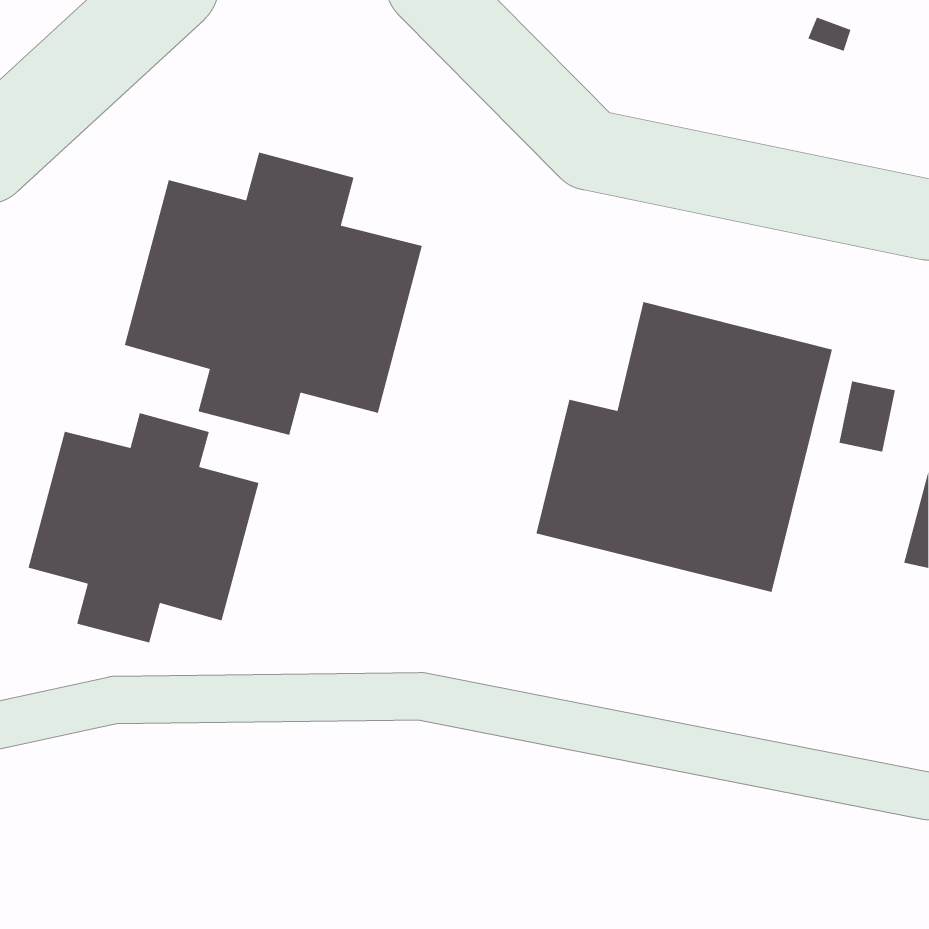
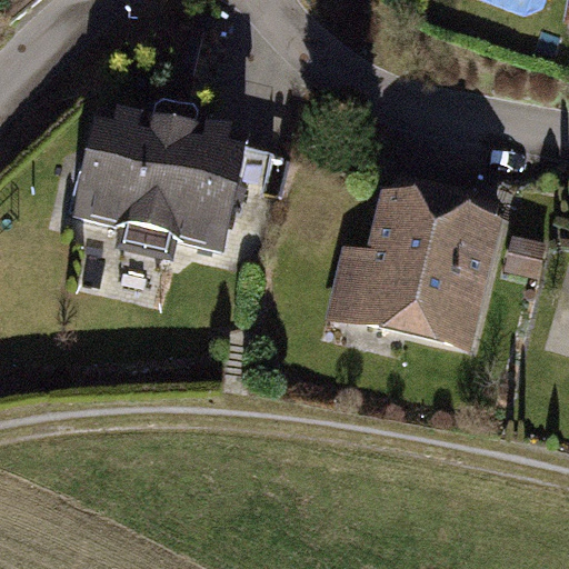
building: [27,412,260,644] -> none

